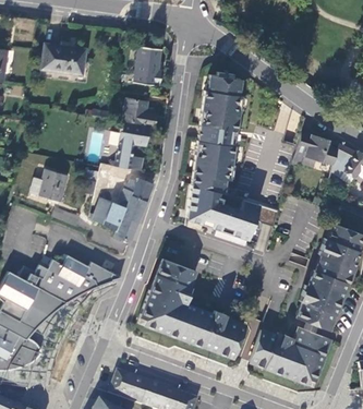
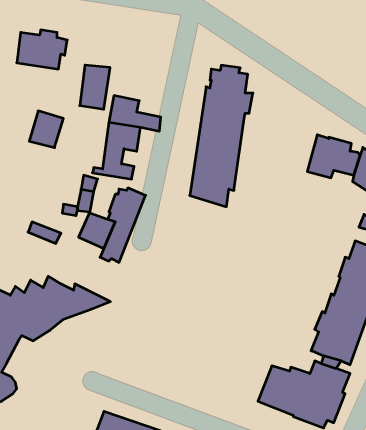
building: [134,47,160,85] -> [80,65,110,109]
building: [38,169,68,201] -> [29,111,63,148]
building: [179,184,264,245] -> none
building: [141,261,245,358] -> none

